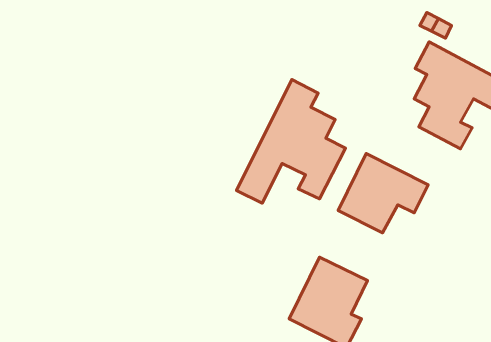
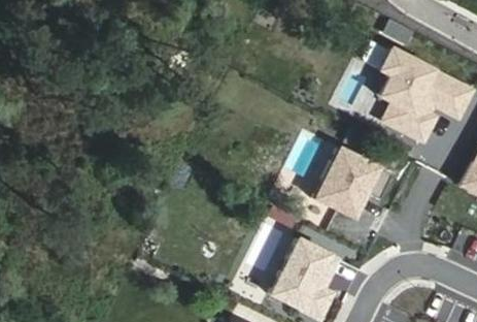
building: [236,80,345,203] -> none

